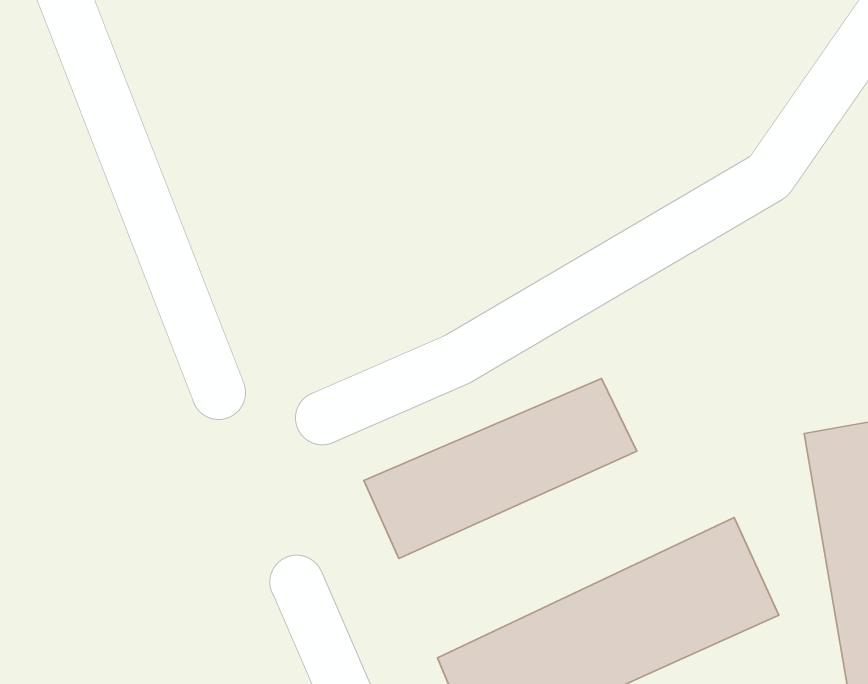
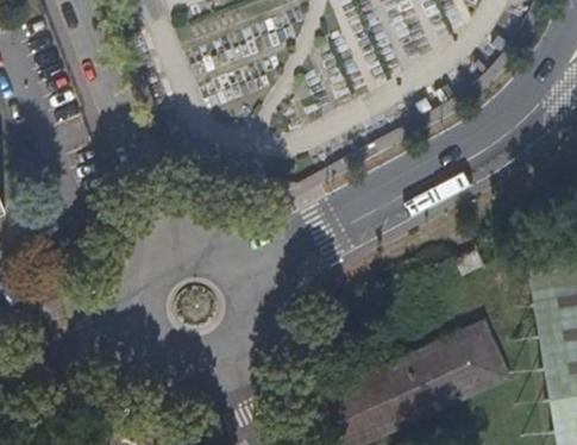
building: [364,378,637,559] -> none

